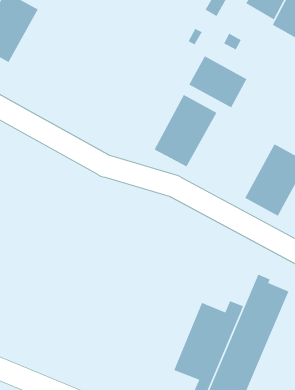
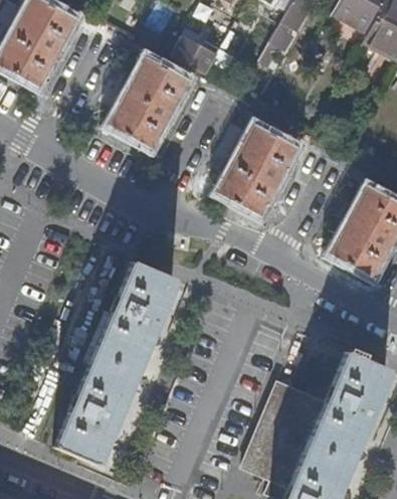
building: none -> [171,34,217,72]
building: none -> [110,55,189,147]
building: [188,55,248,108] -> none
building: none -> [54,262,175,465]

